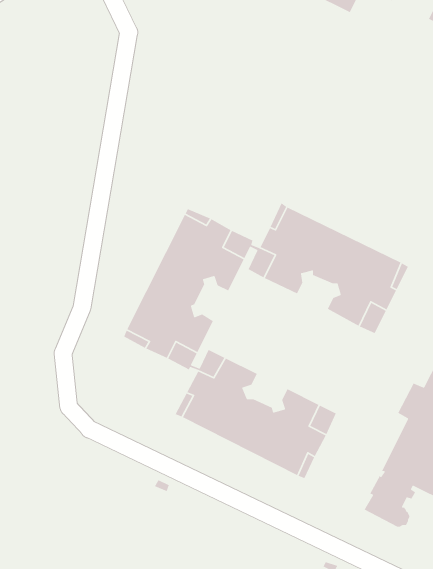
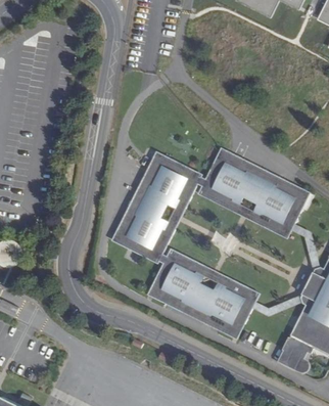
building: none -> [232,195,262,222]
building: none -> [158,199,184,230]
building: none -> [194,267,225,294]

